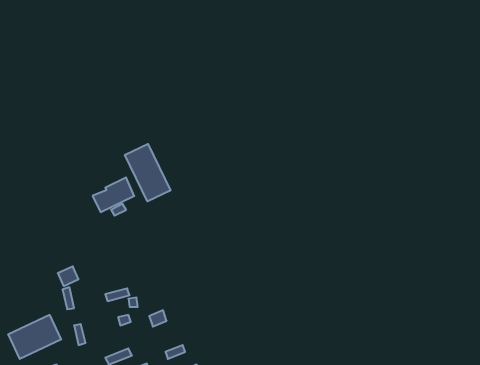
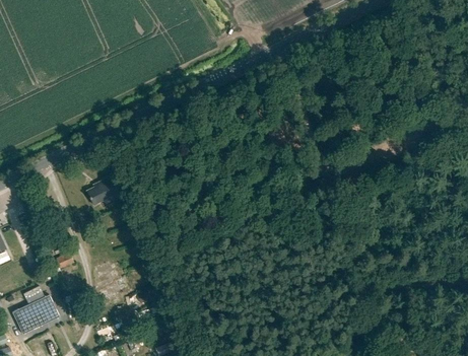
building: [125,144,170,201] -> none

